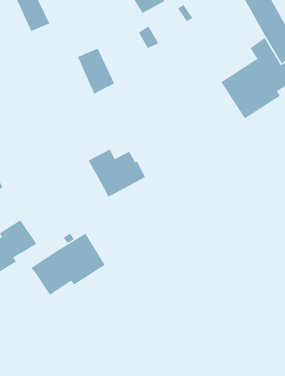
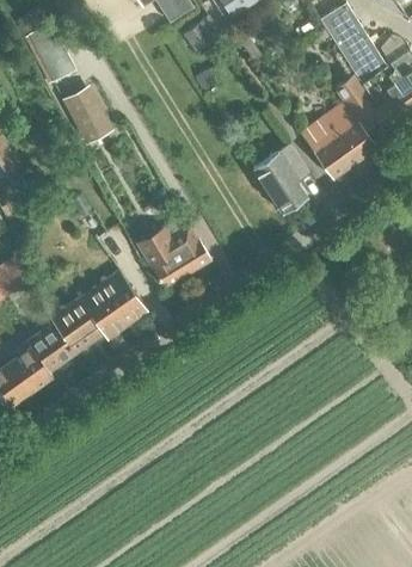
building: [77,48,115,94] -> [63,86,113,146]
building: none -> [252,143,309,214]
building: [30,233,105,295] -> [51,271,147,353]

